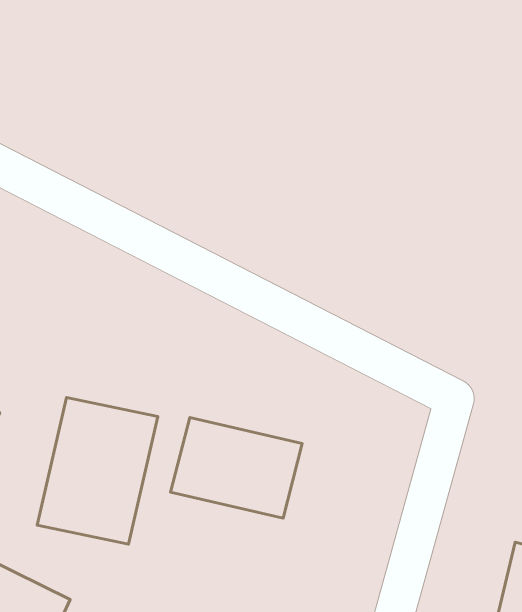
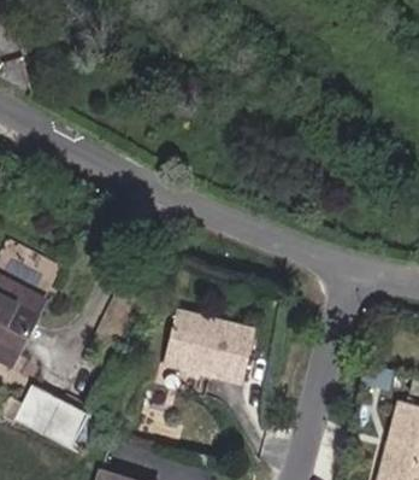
building: [37,397,158,544] -> none

